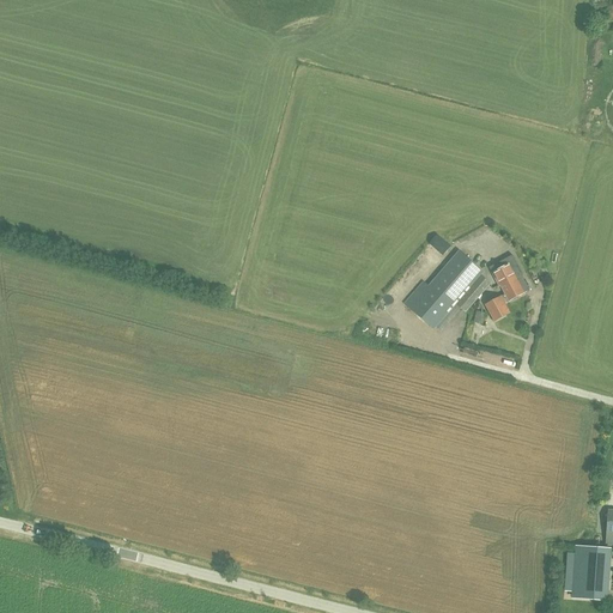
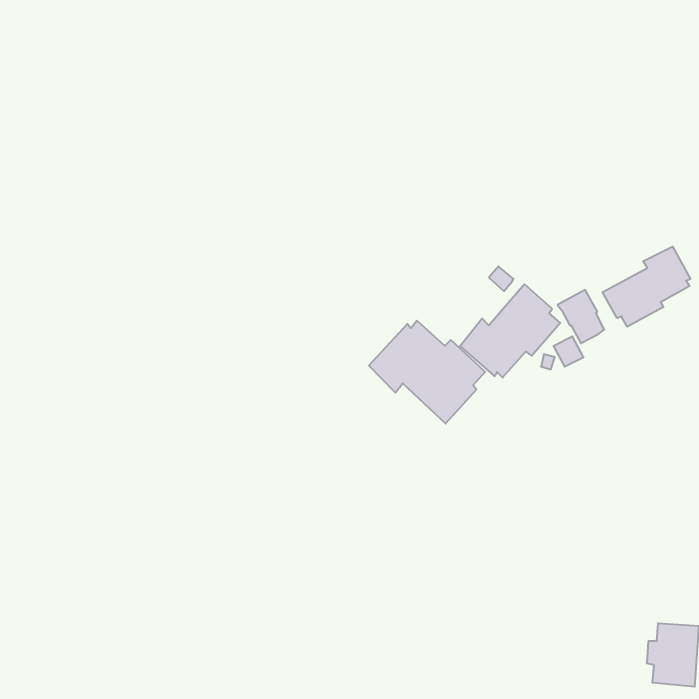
building: none -> [603,247,690,327]
building: none -> [369,321,485,424]

